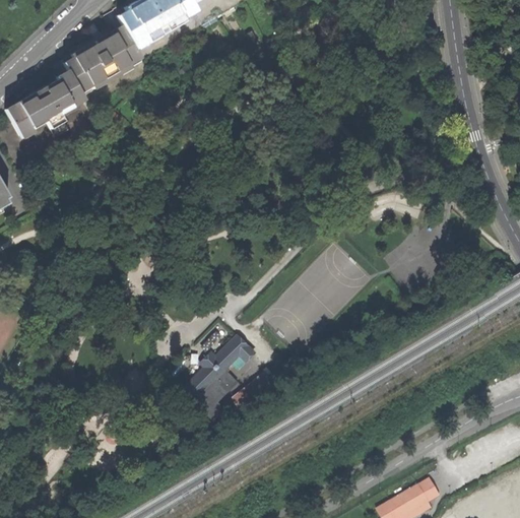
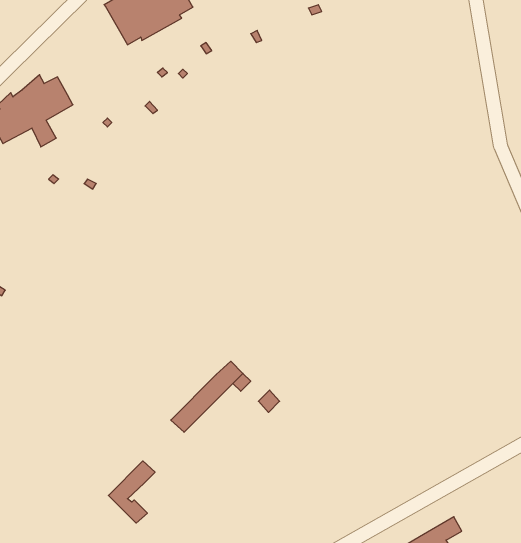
building: [67,9,144,90] -> none
building: [190,368,233,425] -> [108,461,155,523]

